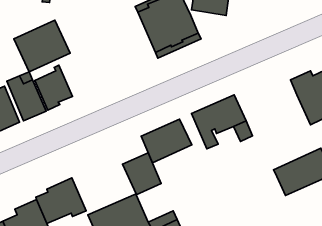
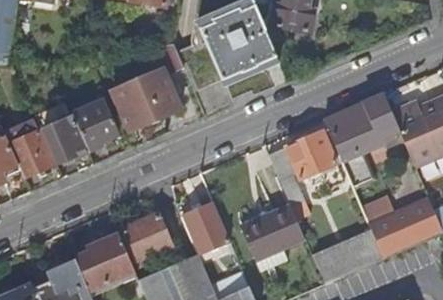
building: [14,20,70,72] -> [112,66,182,130]
building: none -> [324,93,399,185]
building: [141,119,192,163] -> [242,204,305,258]
building: none -> [122,213,171,261]
building: none -> [313,227,385,281]

